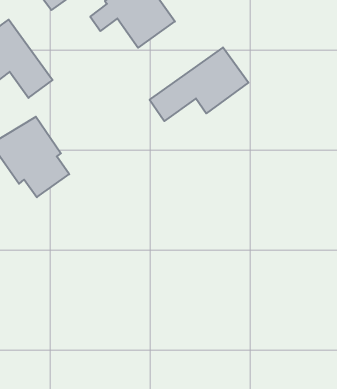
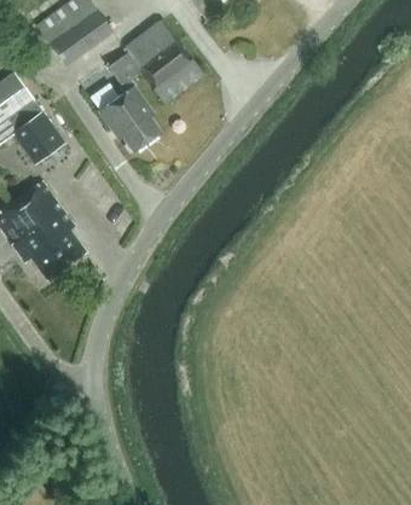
building: none -> [98,87,161,152]
building: [150,47,248,121] -> none

